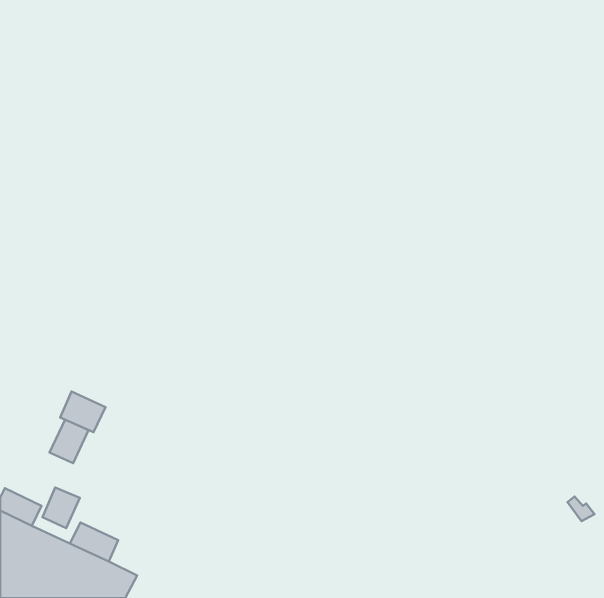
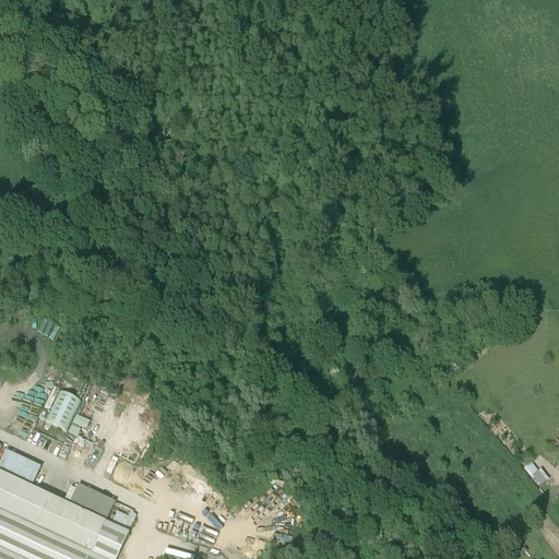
building: [60,391,105,432] -> none
building: [42,488,80,528] -> none

